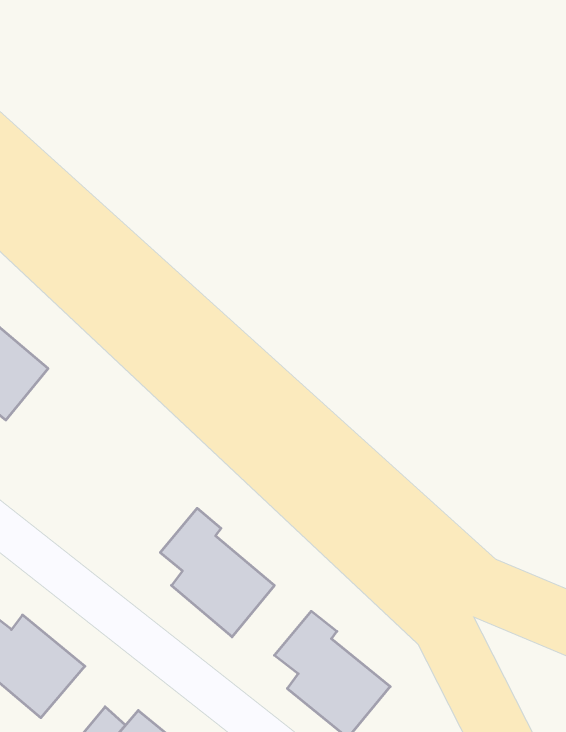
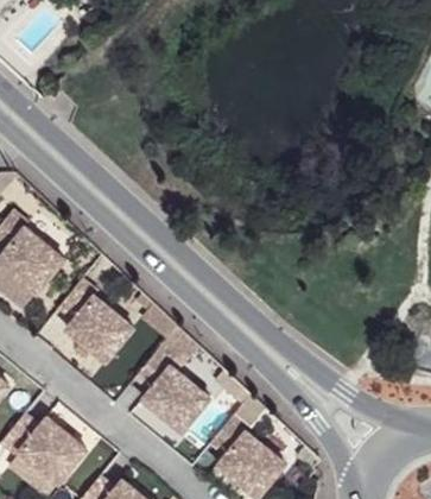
building: none -> [58,279,132,361]

